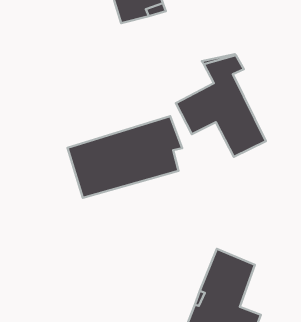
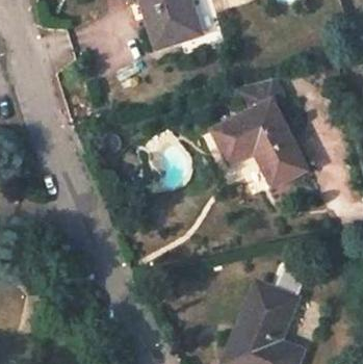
building: [67,116,182,198] -> none

